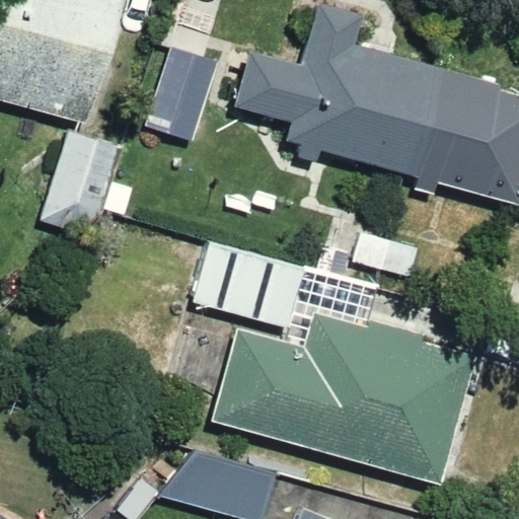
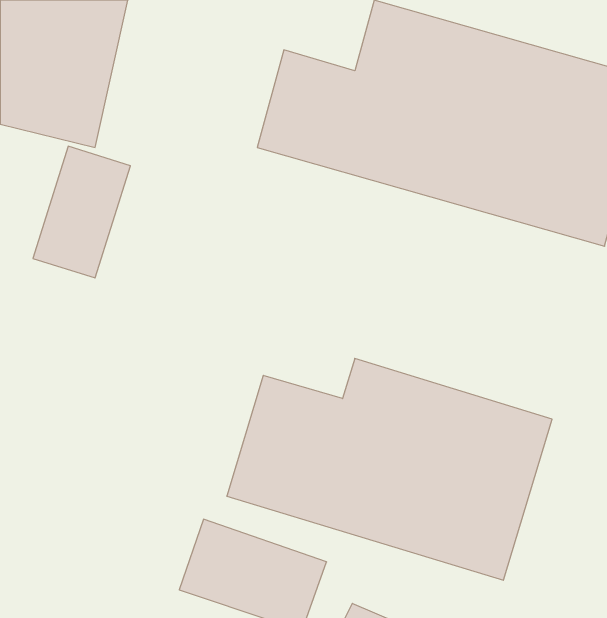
building: [145,35,229,150] -> none
building: [187,235,318,336] -> none

